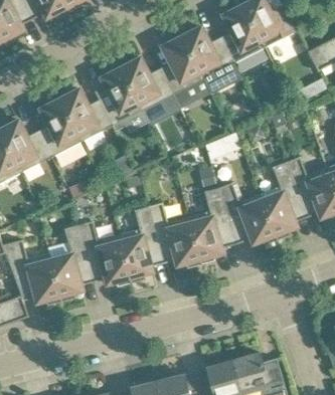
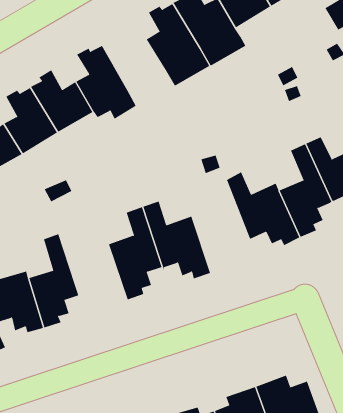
building: [121,57,173,127] -> none
building: [188,188,236,264] -> none
building: [77,221,131,286] -> none

